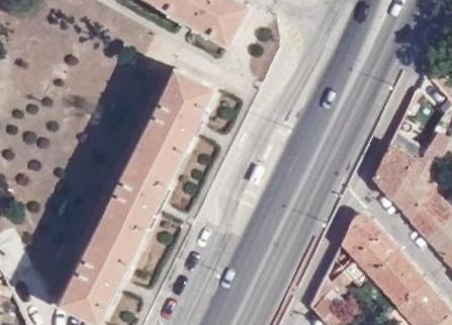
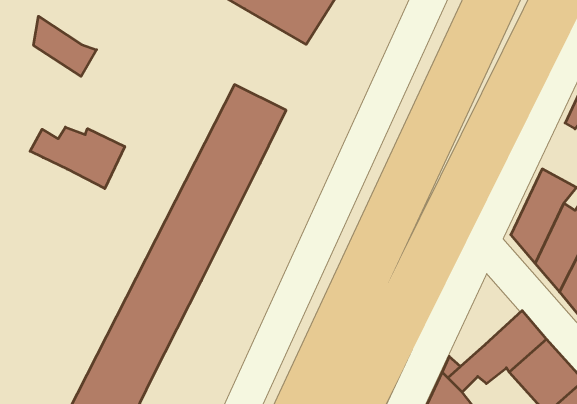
building: none -> [34,16,97,76]
building: none -> [30,127,125,189]
building: [340,213,380,256] -> none

